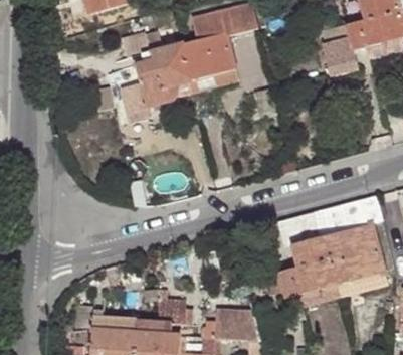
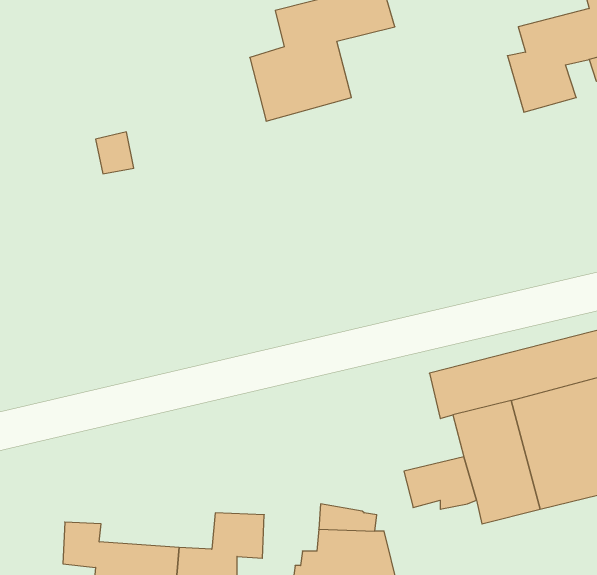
building: [121,30,187,122] -> none

